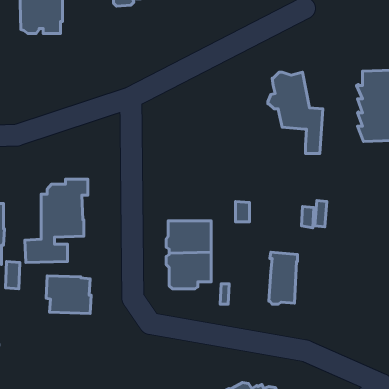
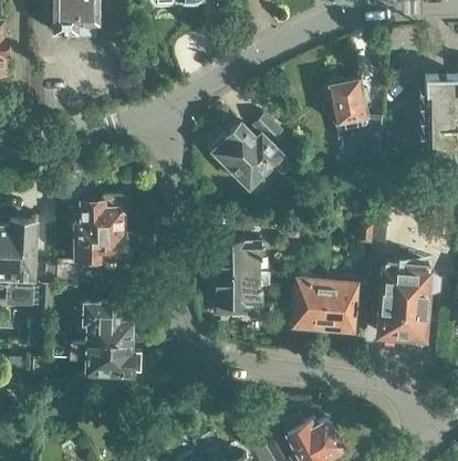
building: none -> [214,116,289,187]
building: none -> [374,263,438,338]
building: none -> [294,274,327,331]
building: none -> [53,338,142,378]

